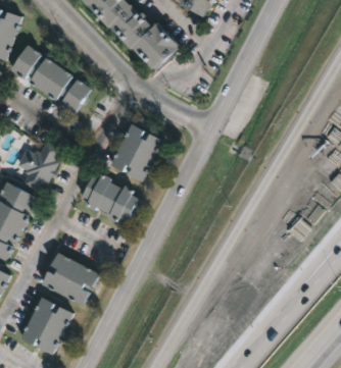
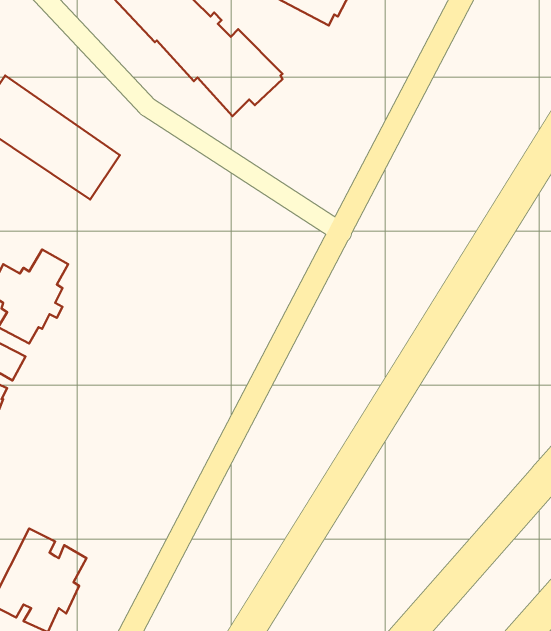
building: [109,123,162,181] -> none
building: [80,172,138,222] -> none
building: [42,253,98,303] -> none

